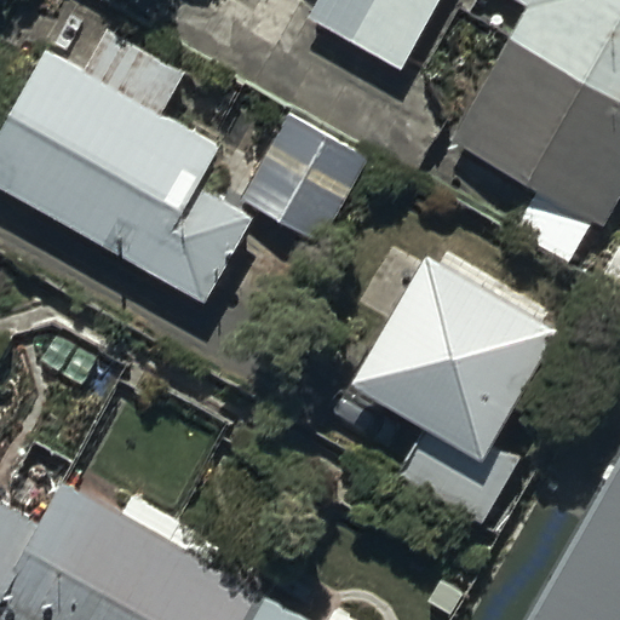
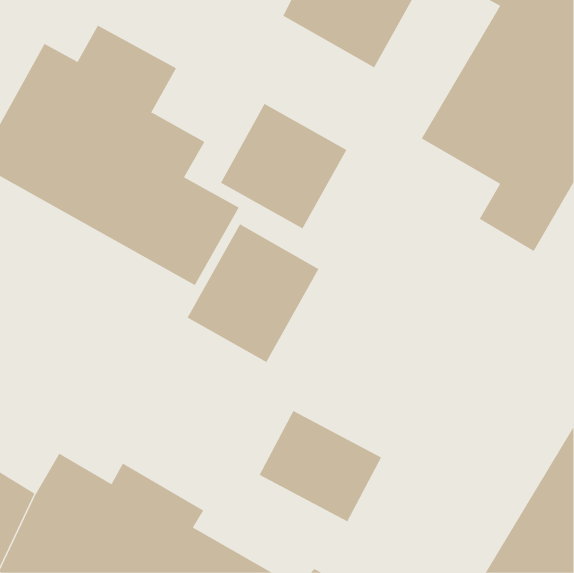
building: none -> [187,224,319,363]
building: [354,260,561,516] -> none
building: none -> [259,410,382,522]

